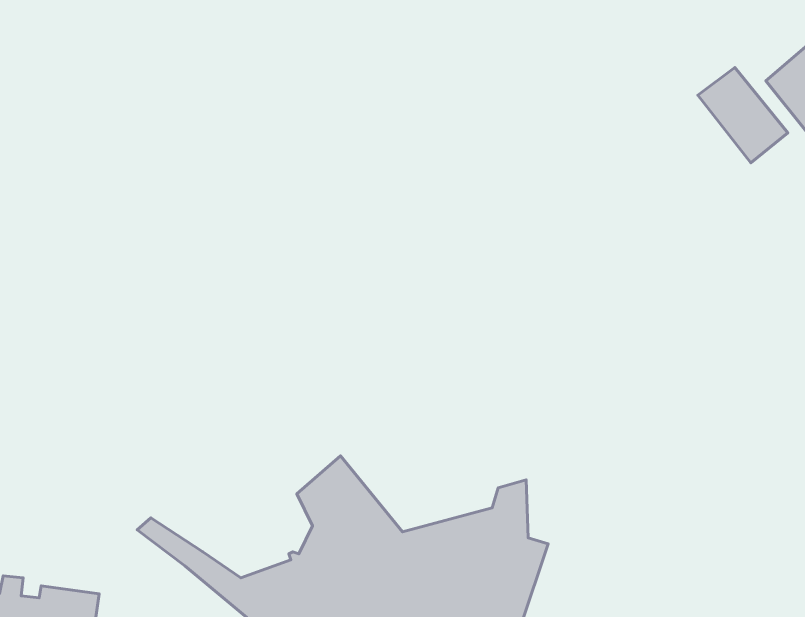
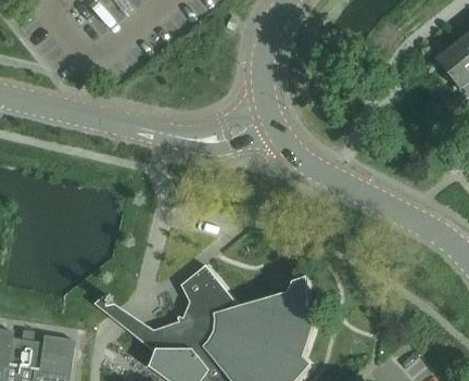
building: [698,67,788,163] -> none

